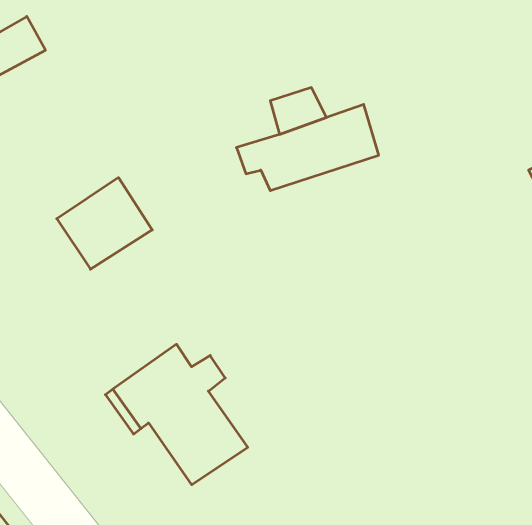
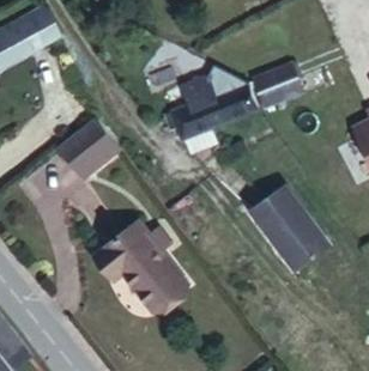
building: none -> [261,55,310,101]
building: none -> [255,172,335,260]

